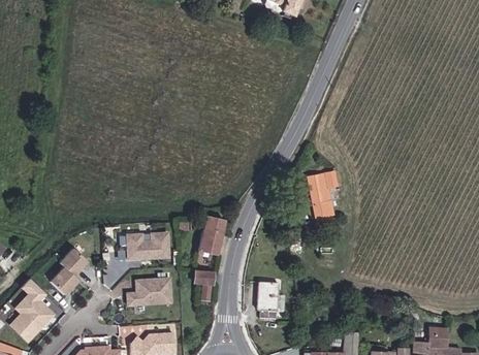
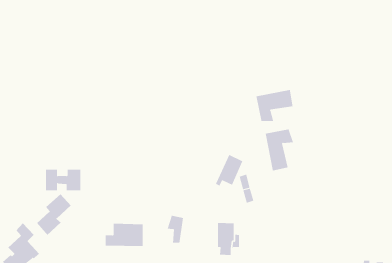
building: none -> [256,89,293,122]
building: [193,217,225,254] -> [215,154,243,186]
building: [125,235,166,260] -> [45,169,81,191]

